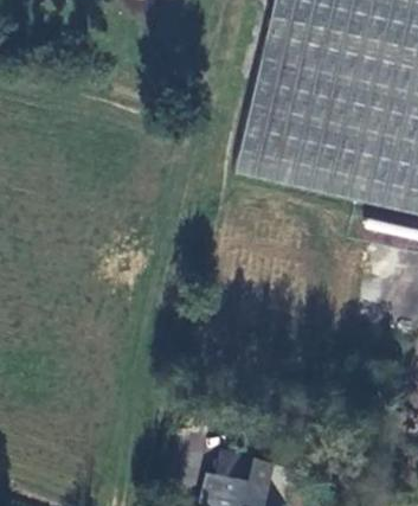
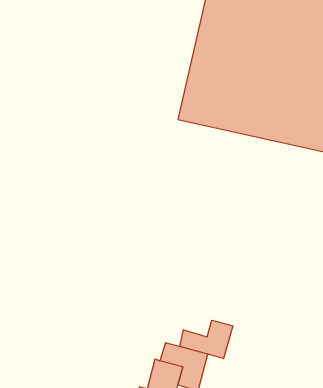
building: none -> [180,320,233,359]

